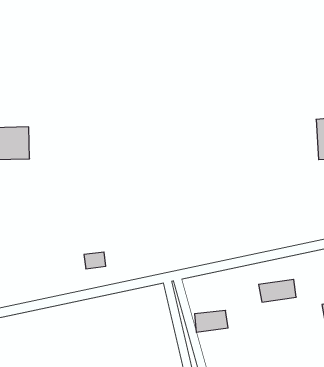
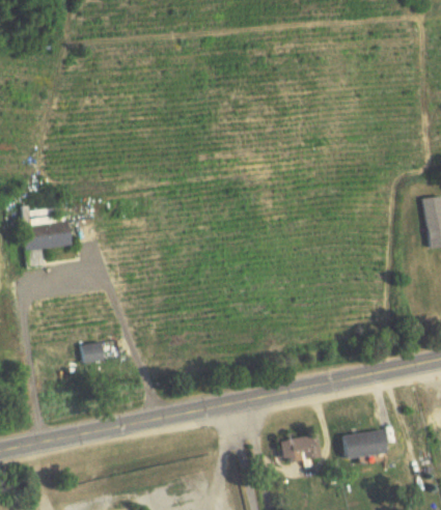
building: [84,252,106,269] -> [82,341,109,362]
building: [259,279,296,302] -> [339,429,386,457]

